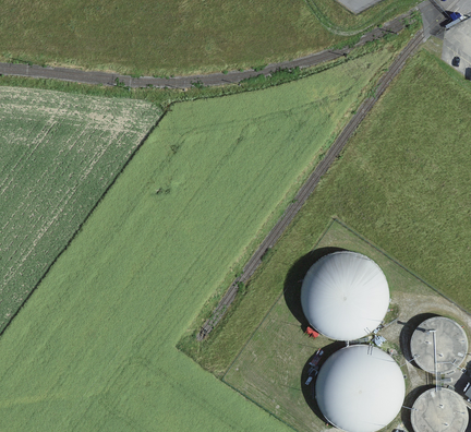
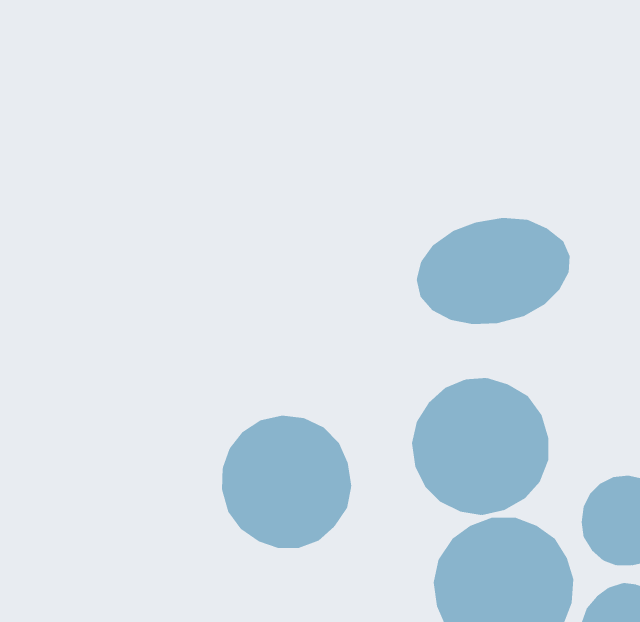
building: none -> [416,217,570,325]
building: none -> [222,415,352,549]

